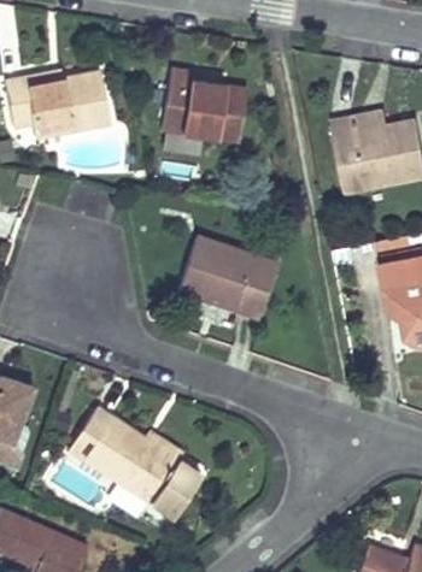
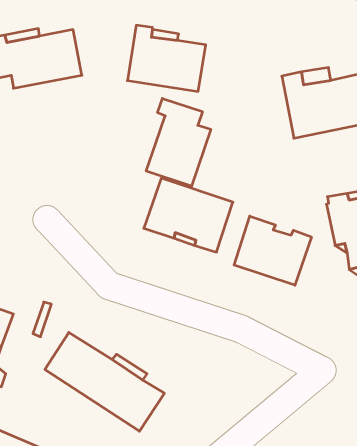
building: none -> [146,98,211,186]
building: none -> [234,216,311,285]

